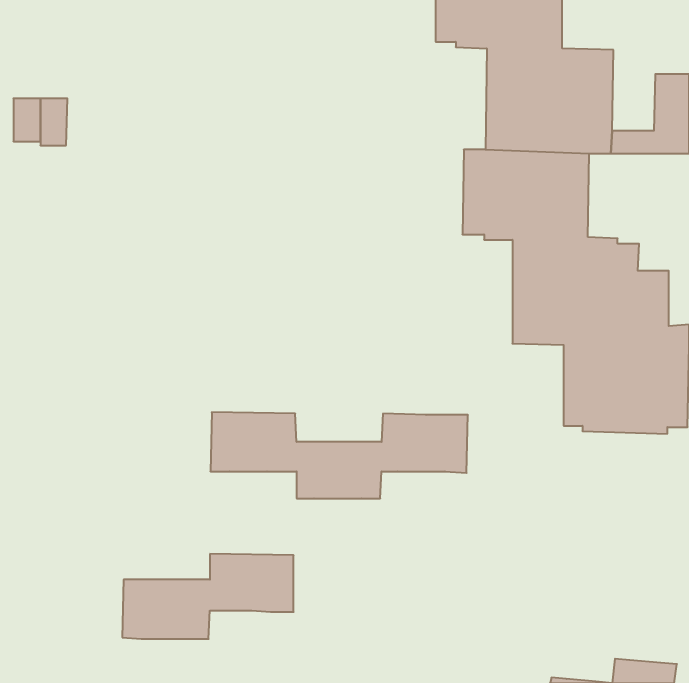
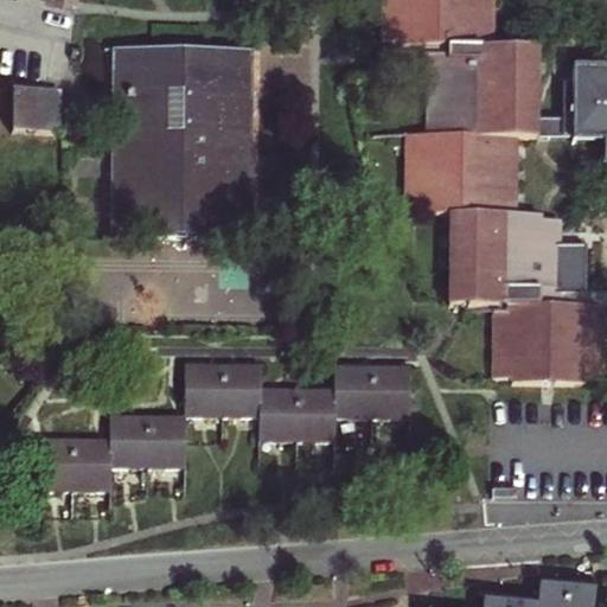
building: none -> [115,46,251,235]
building: [122,554,294,639] -> [34,414,185,488]

